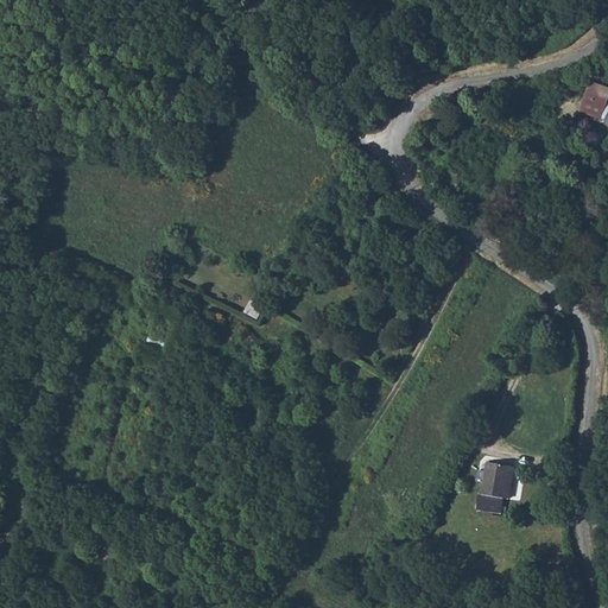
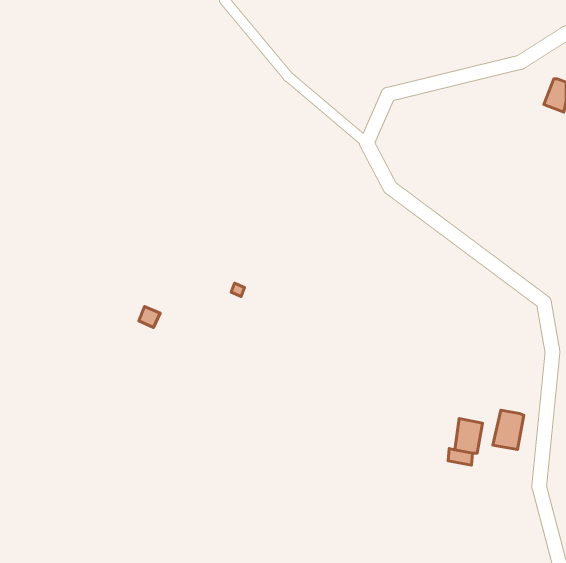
building: none -> [493,410,524,450]

